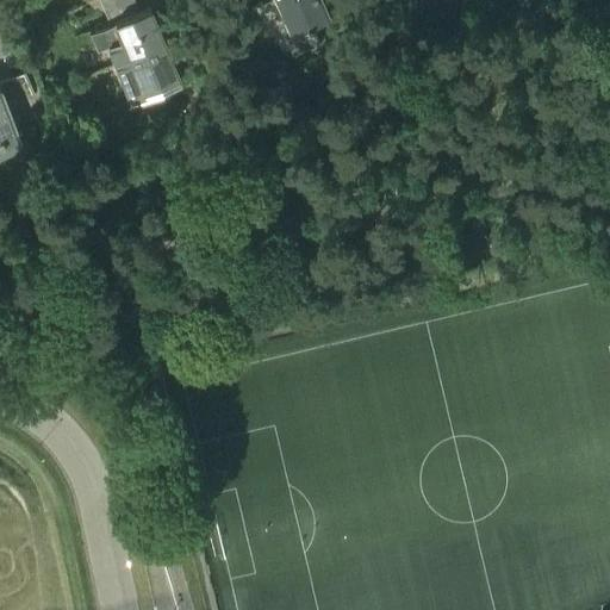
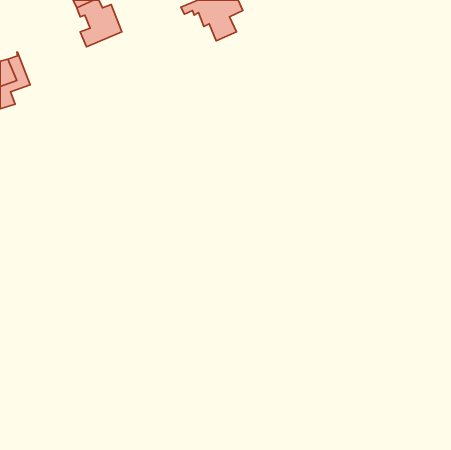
building: [117,45,179,102] -> none

